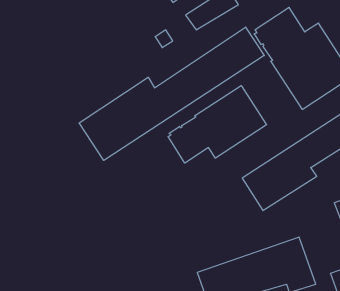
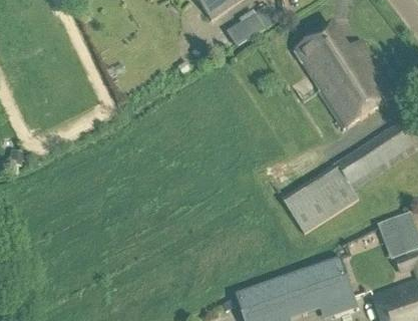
building: [79,27,264,160] -> none
building: [168,86,267,163] -> none

